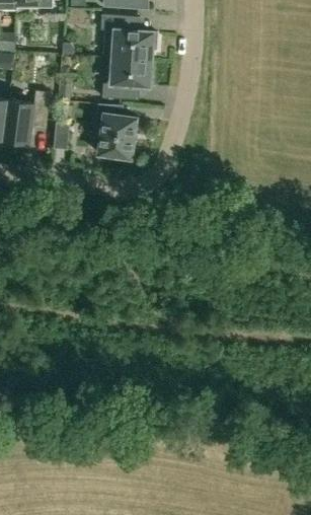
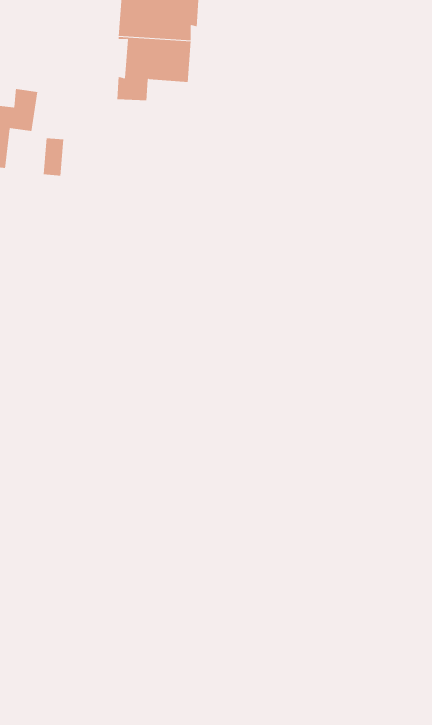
building: [97,104,137,161] -> none

